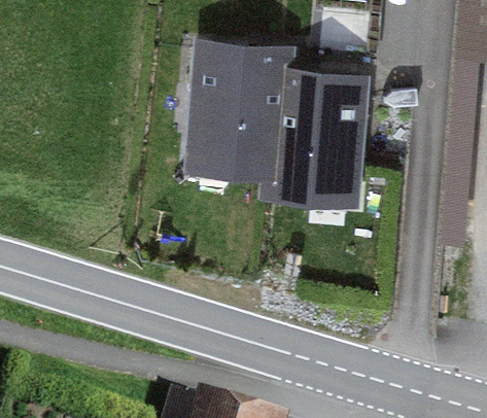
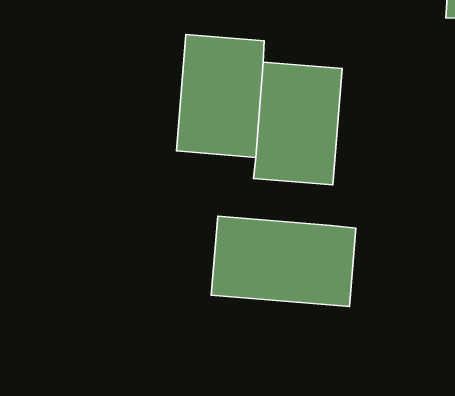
building: none -> [211,216,356,306]

